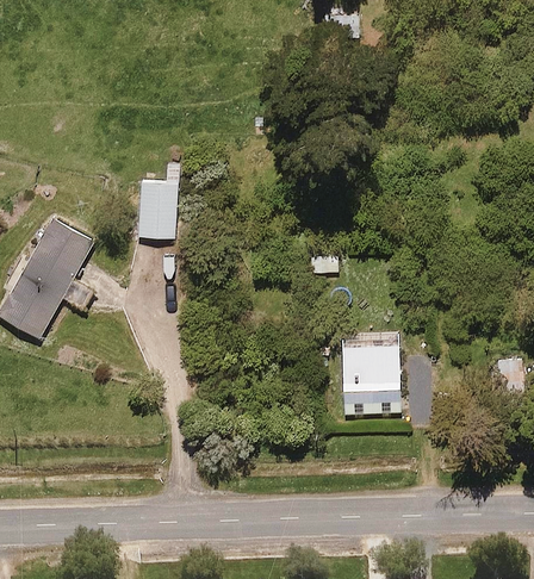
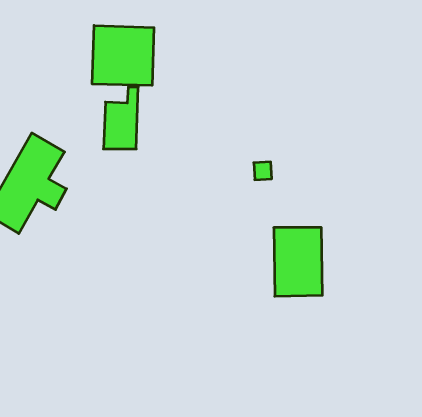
building: none -> [92,25,154,85]

